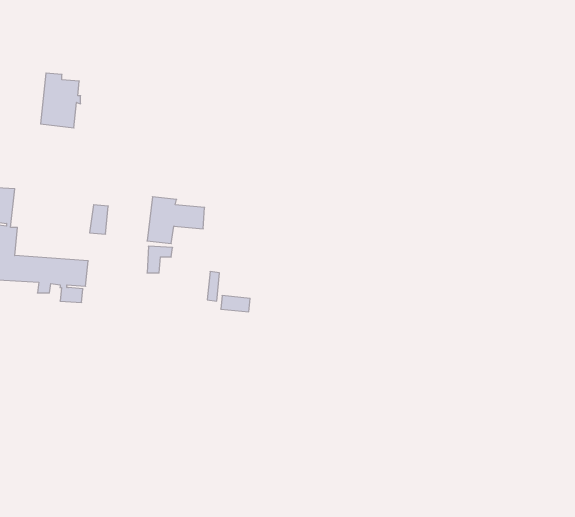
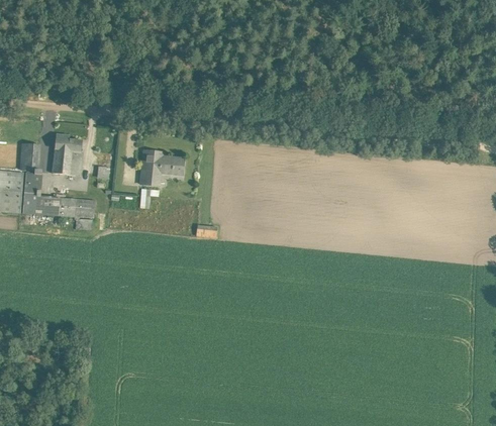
building: [41,73,81,128] -> [52,134,82,176]

